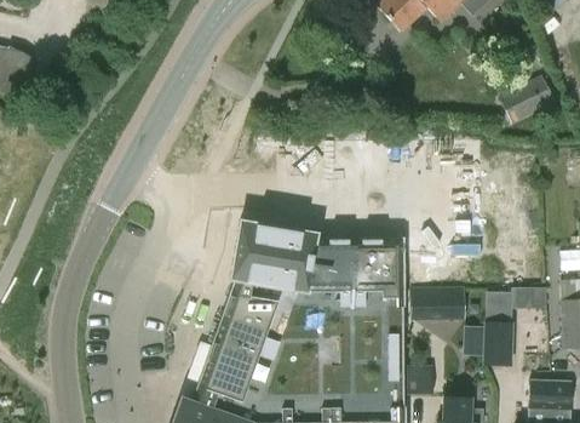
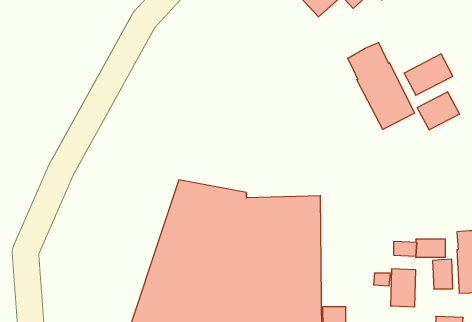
building: none -> [348,42,415,129]
building: none -> [417,92,460,130]
building: [412,285,465,318] -> none

